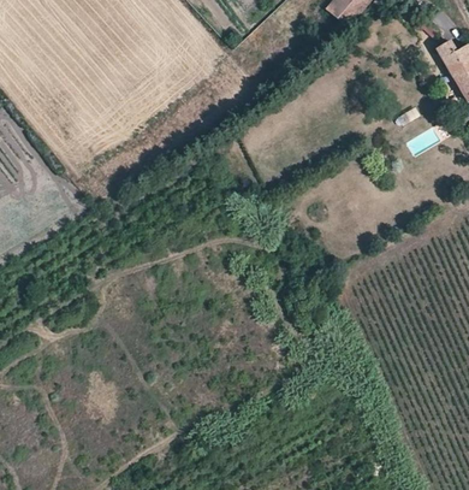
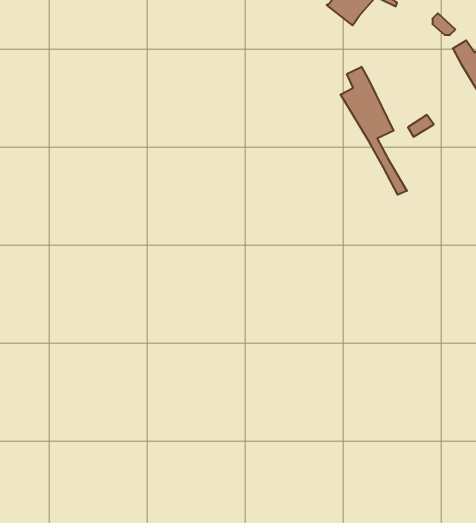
building: none -> [341,67,407,195]

